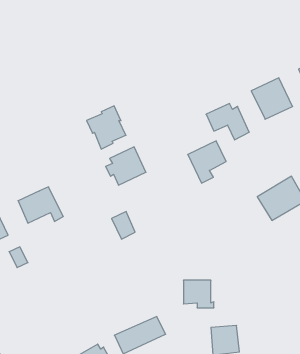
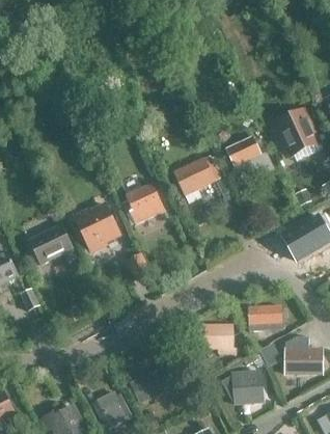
building: [87,106,126,149] -> [78,204,119,249]
building: [188,141,226,183] -> [174,158,215,202]
building: none -> [248,305,283,330]
building: none -> [285,335,317,373]

